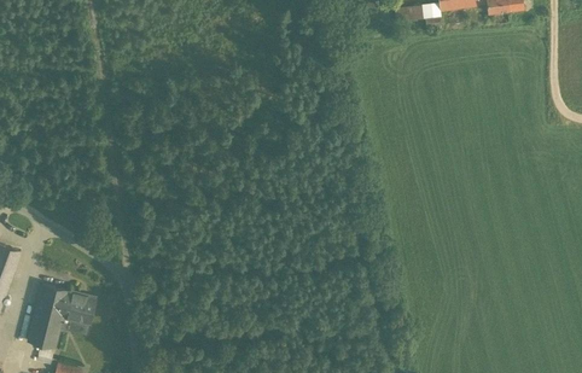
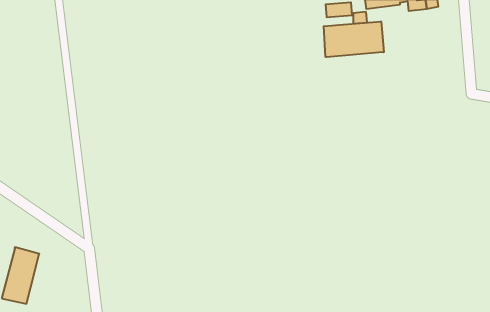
building: none -> [324,21,384,57]
building: [59,290,95,334] -> none

